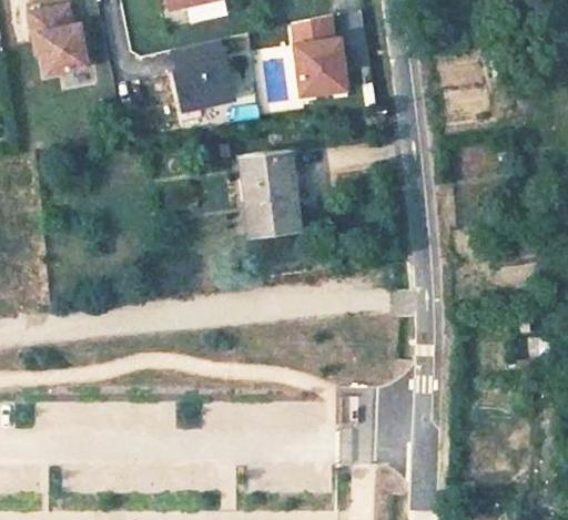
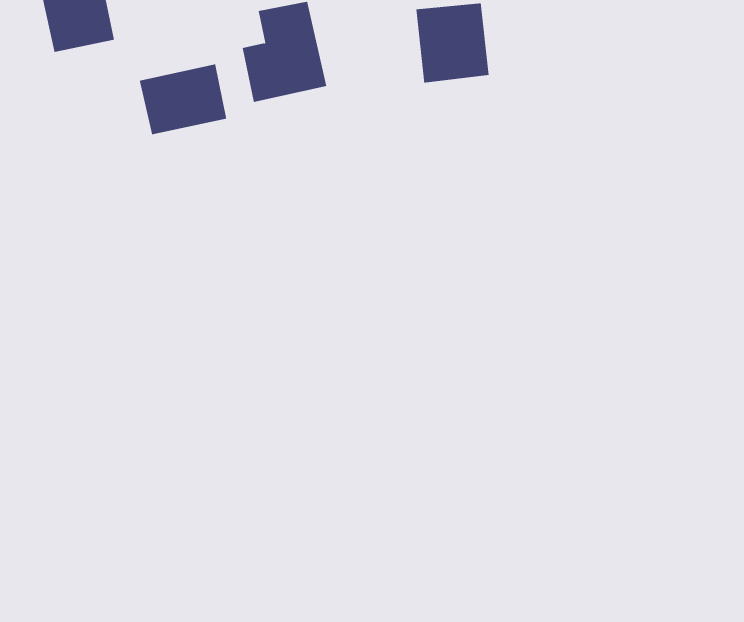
building: none -> [139,63,227,135]
building: [242,155,296,233] -> none

